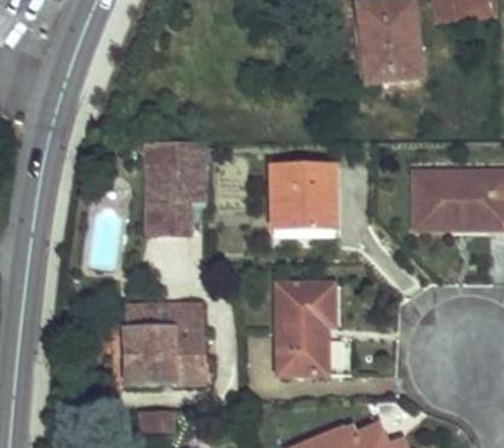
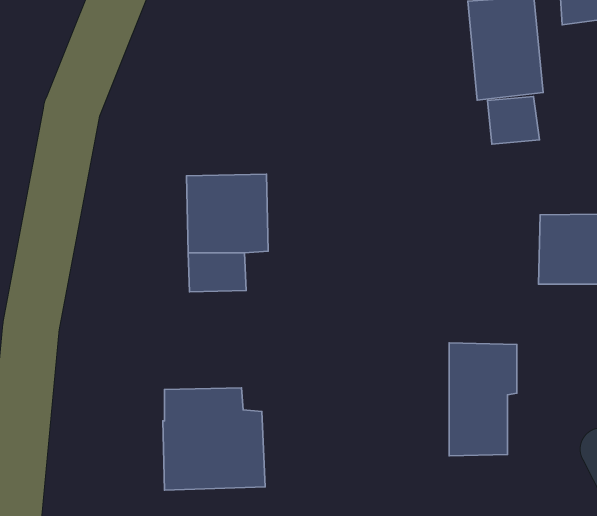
building: none -> [488,97,539,144]
building: [275,165,334,229] -> none
building: [280,286,332,373] -> [449,343,517,456]

